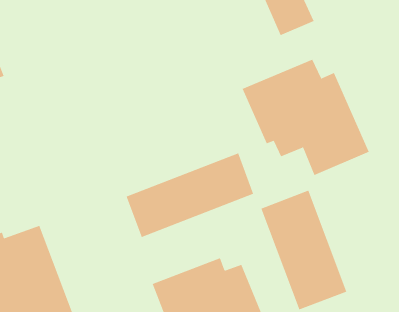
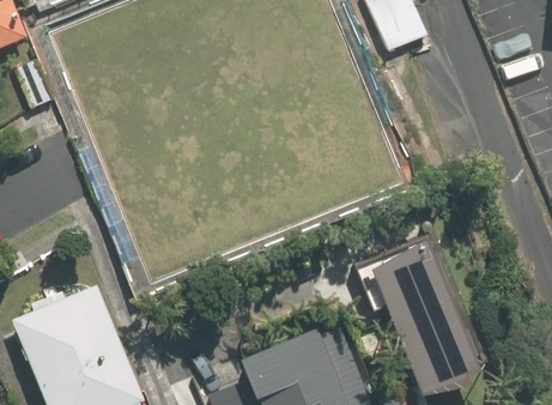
building: [242,59,370,176] -> none
building: [126,153,254,238] -> none

